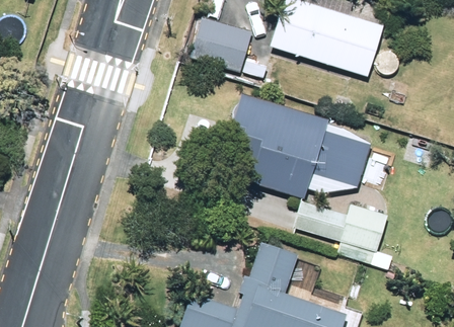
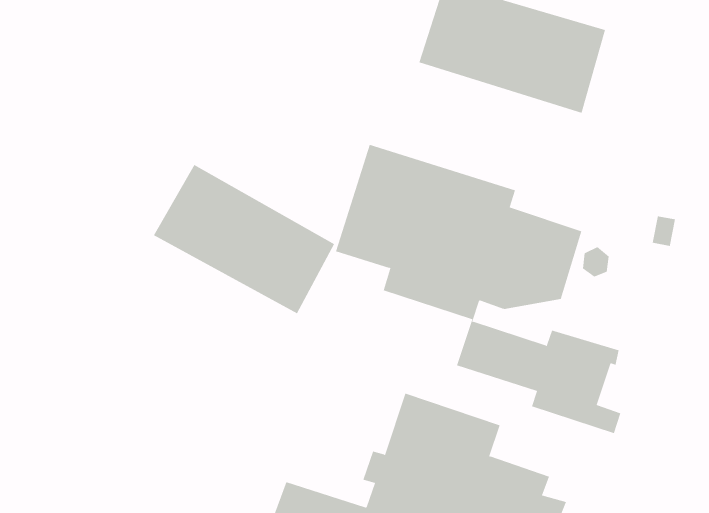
building: [191,17,251,70] -> none
building: none -> [153,164,335,314]

